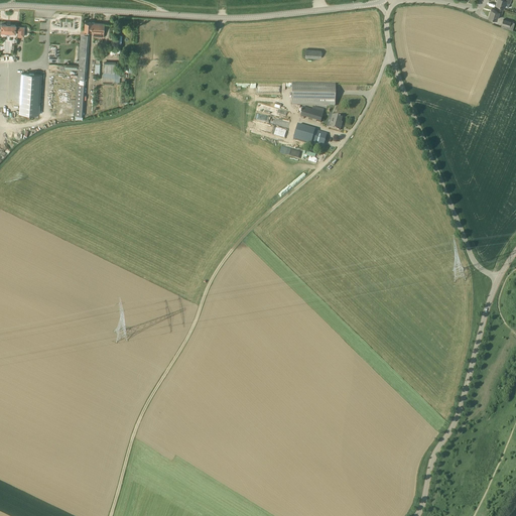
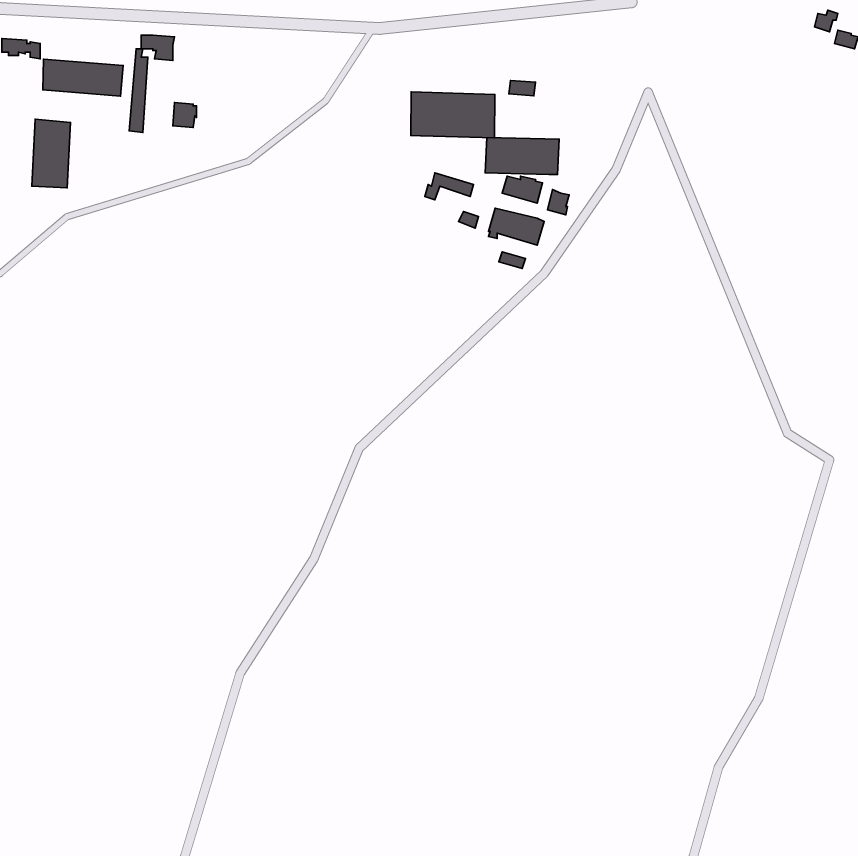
building: none -> [43,59,123,96]
building: none -> [411,92,495,138]

